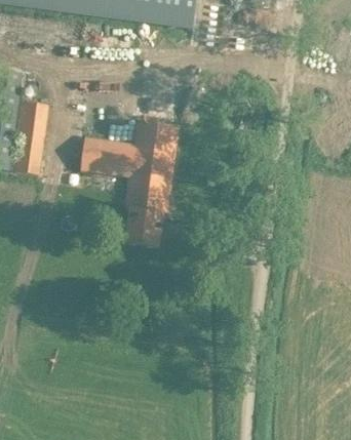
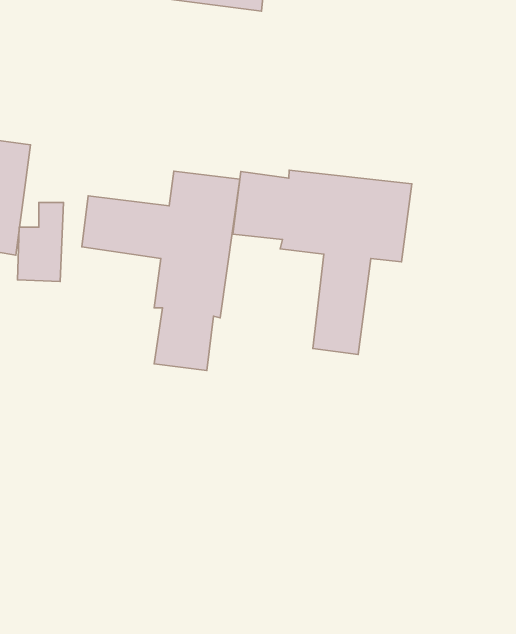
building: none -> [233,170,412,354]

